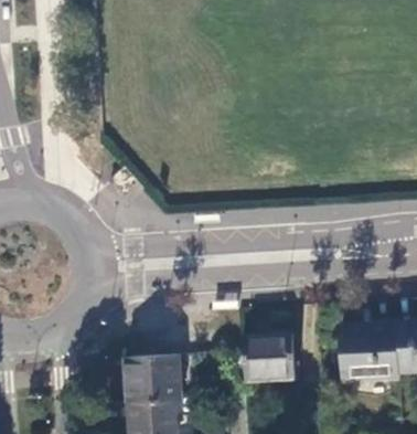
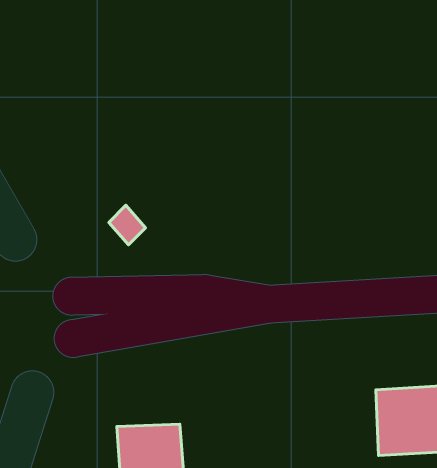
building: [239,337,291,383] -> none

